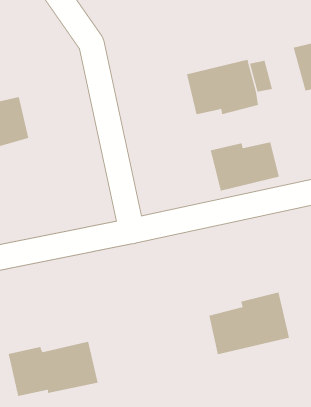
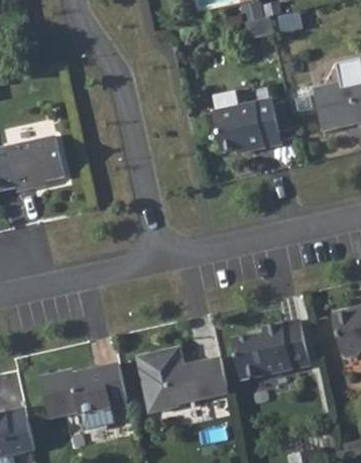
building: [210,142,280,191] -> none
building: none -> [136,346,228,414]

